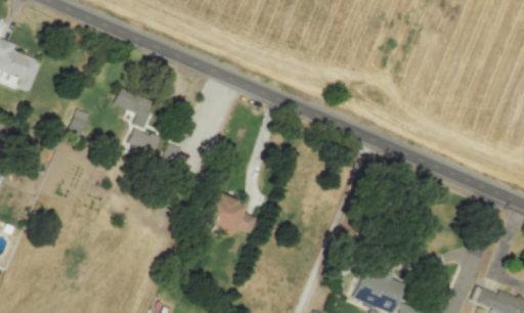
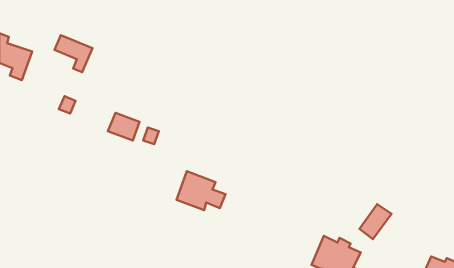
building: [113,89,155,130] -> [55,35,92,72]
building: none -> [359,204,391,239]

